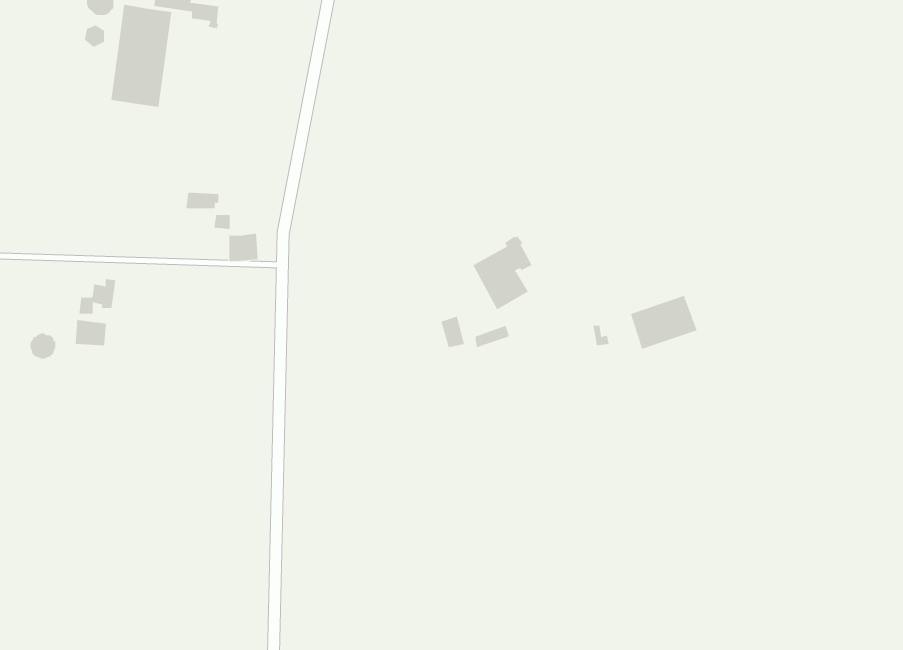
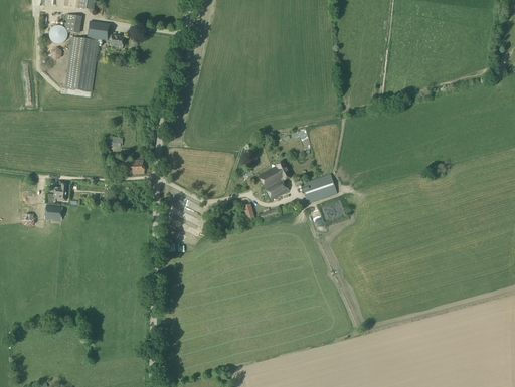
building: [630,295,698,349] -> [301,174,337,203]

